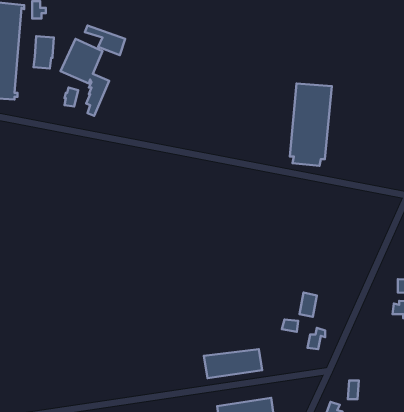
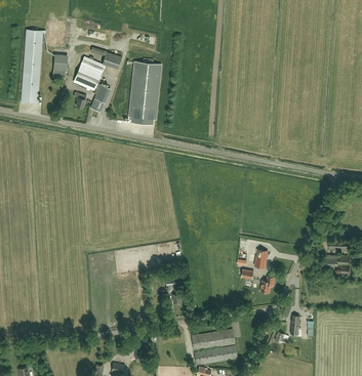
building: [290,84,332,166] -> [129,61,161,124]
building: [204,349,262,378] -> none

